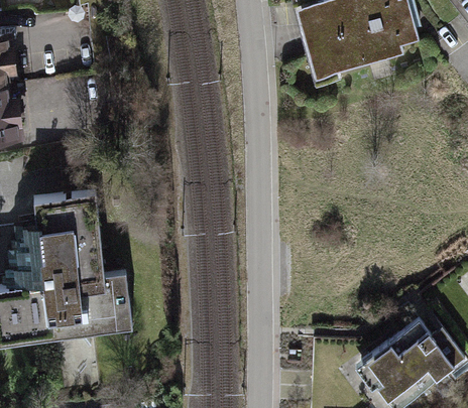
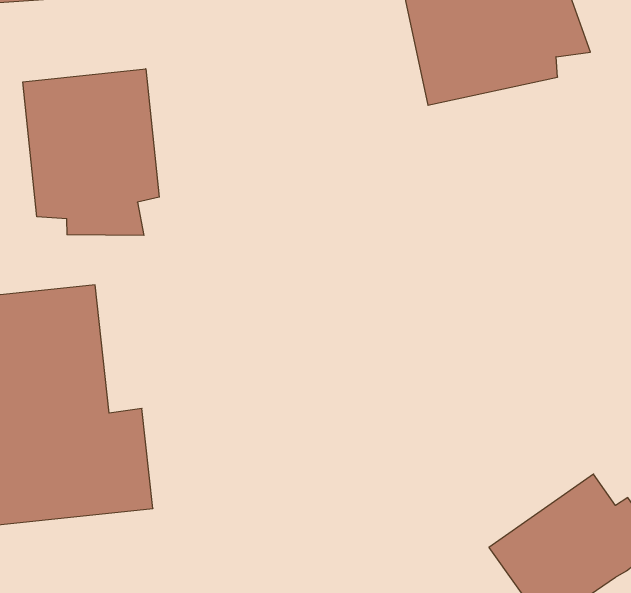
building: none -> [23,69,159,235]

